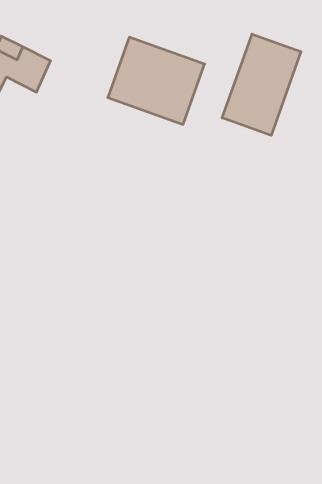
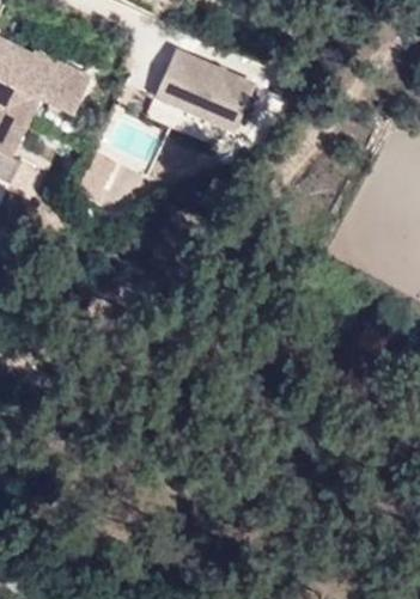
building: [222,34,301,135] -> none

